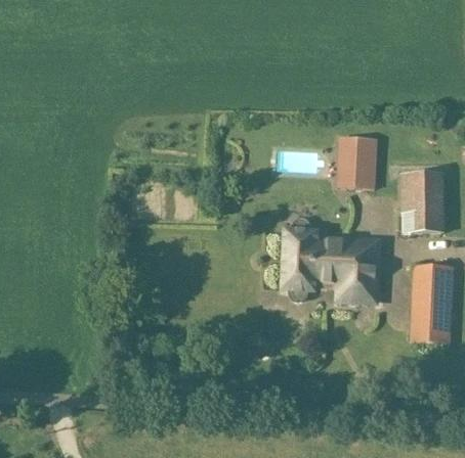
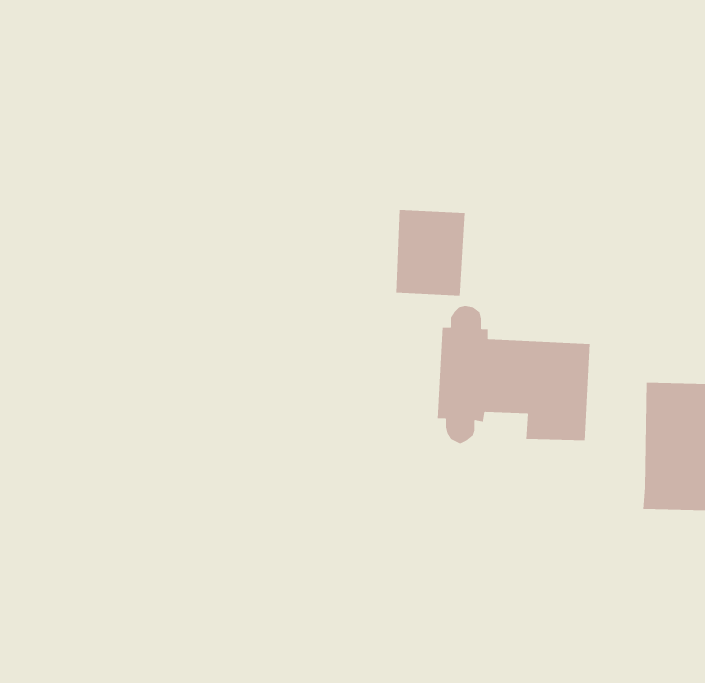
building: [335,137,378,190] -> [395,209,466,296]
building: [401,174,441,234] -> none

